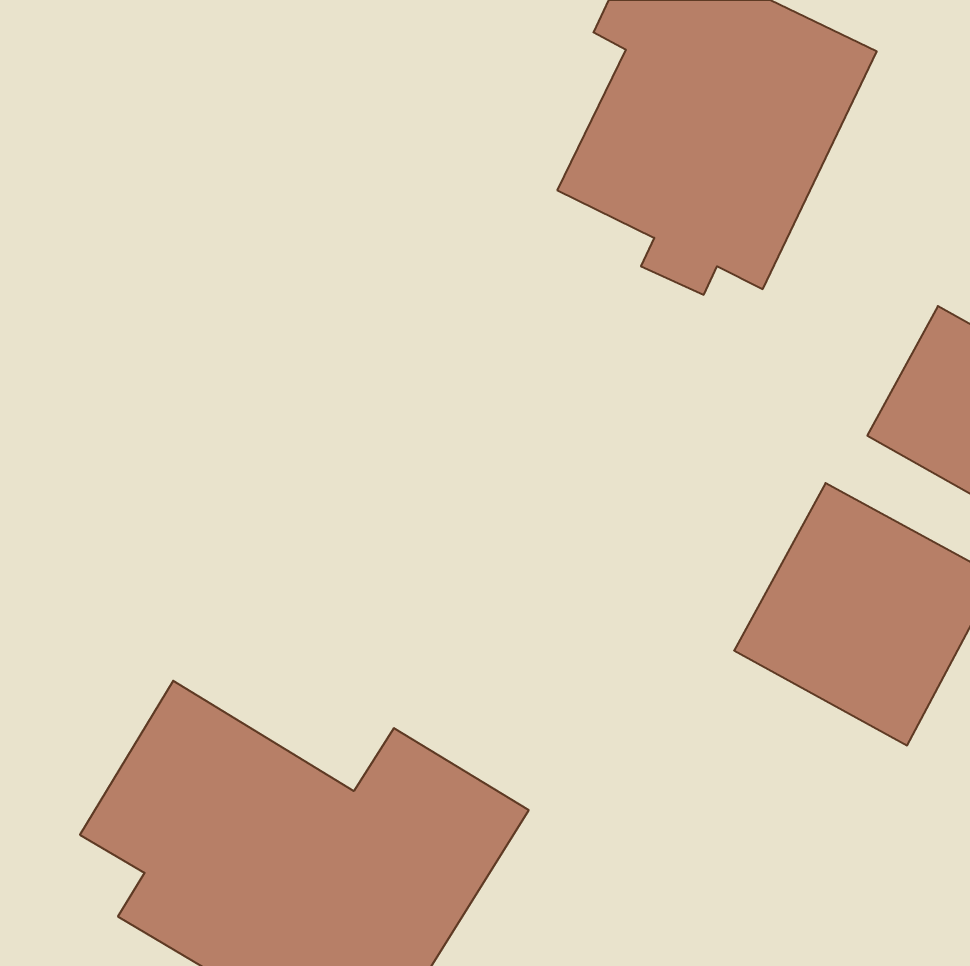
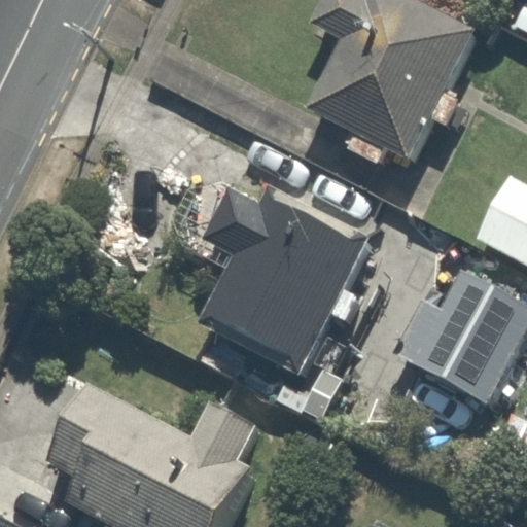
building: none -> [157,170,357,372]

